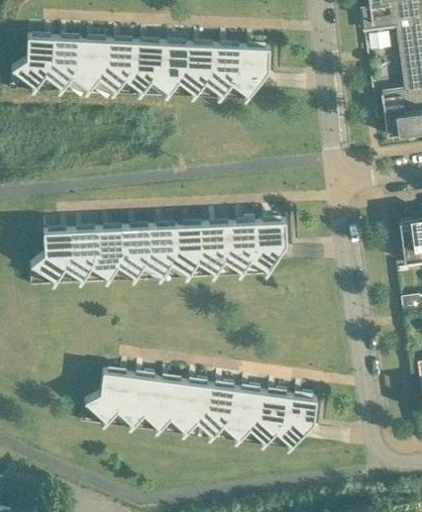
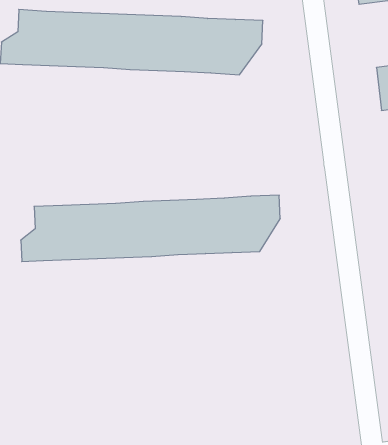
building: [81,368,317,446] -> none

